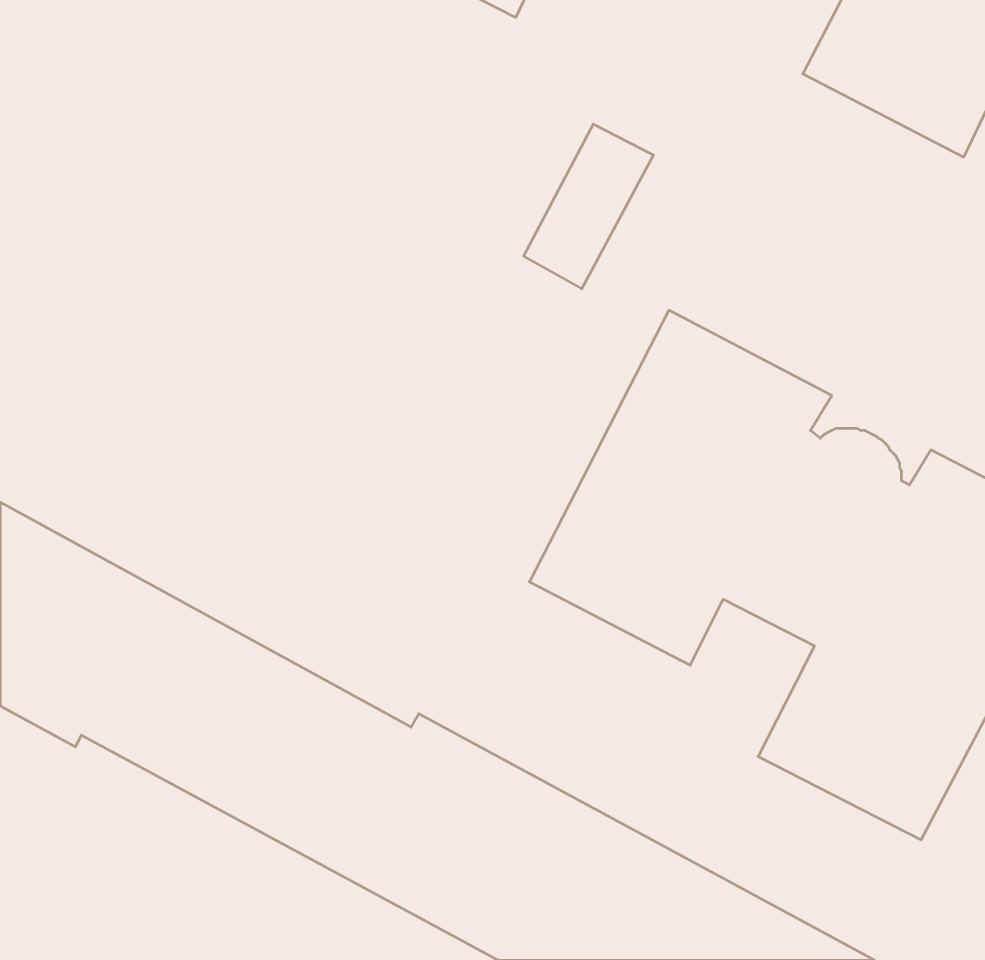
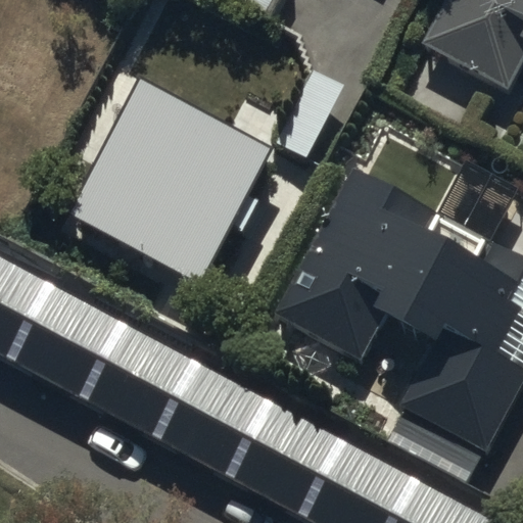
building: none -> [89,95,259,273]

